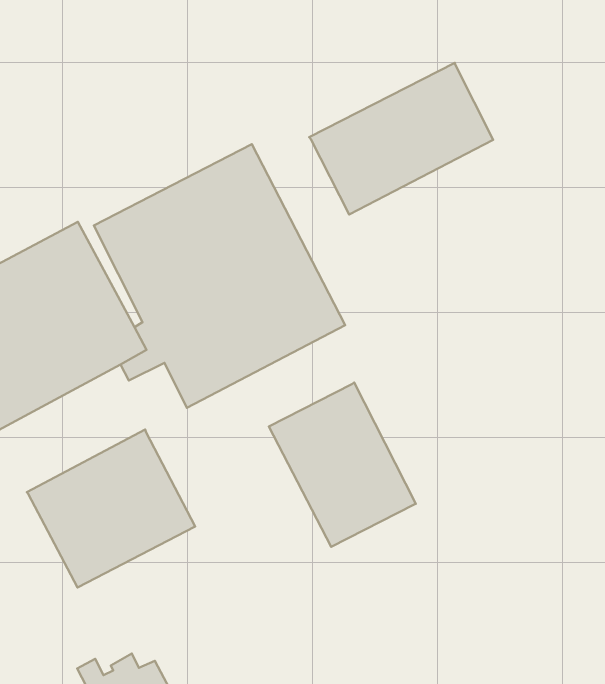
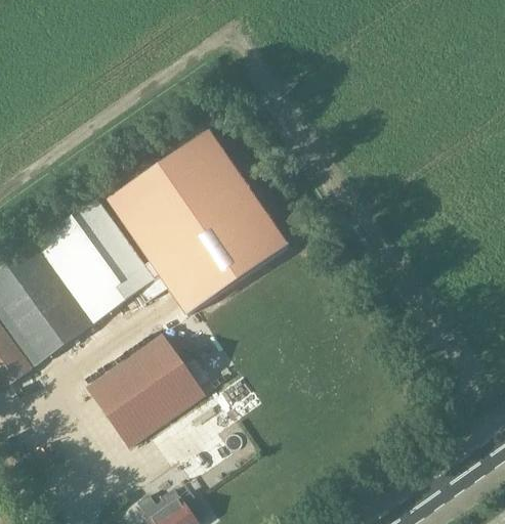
building: [309,63,493,215] -> none
building: [269,382,416,547] -> none

